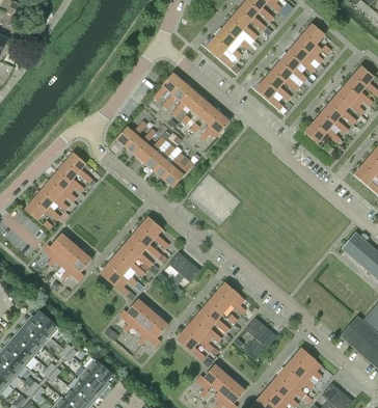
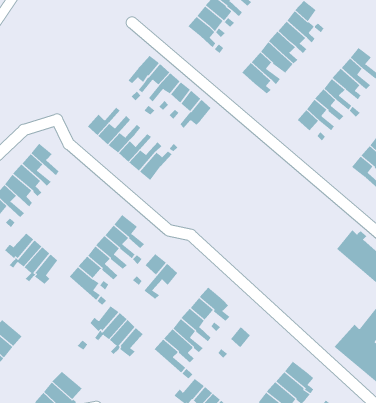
building: [243,326,275,360] -> none

